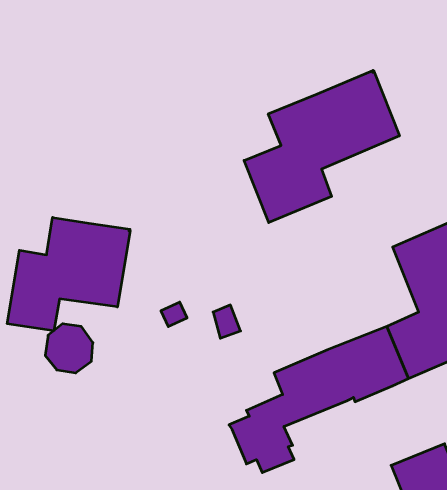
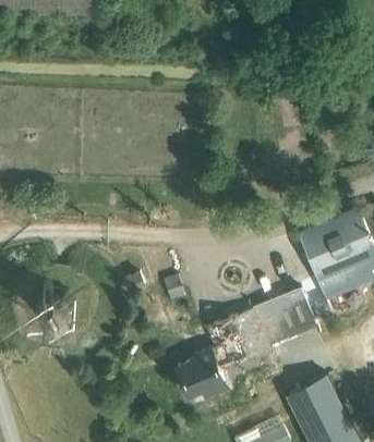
building: [244,70,399,223] -> none
building: [7,217,130,331] -> none

